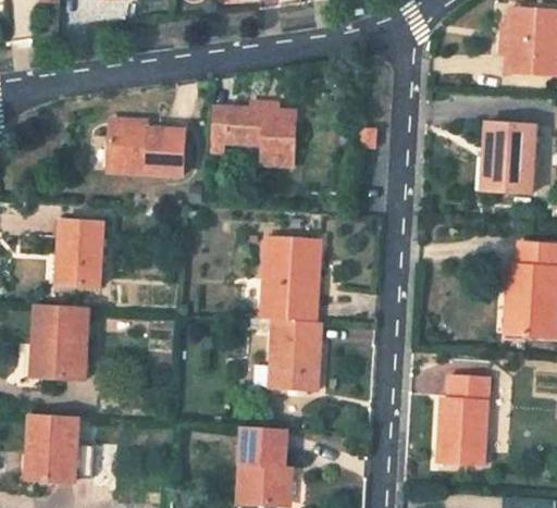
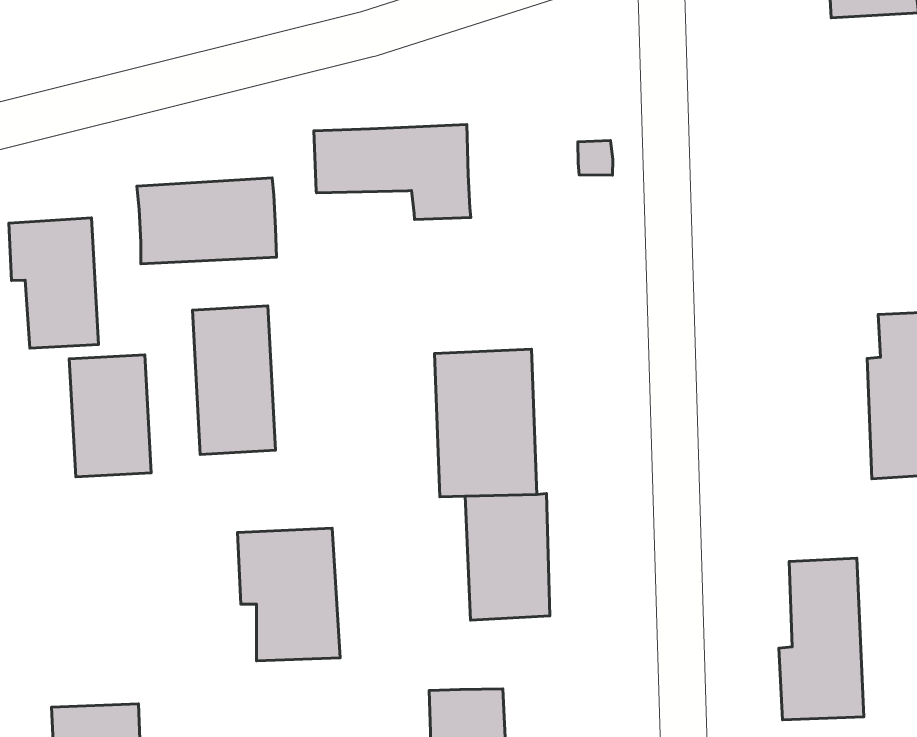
building: [472,123,533,195] -> none
building: none -> [9,218,98,348]
building: none -> [192,306,276,454]
building: [33,305,88,381] -> [237,528,340,661]

